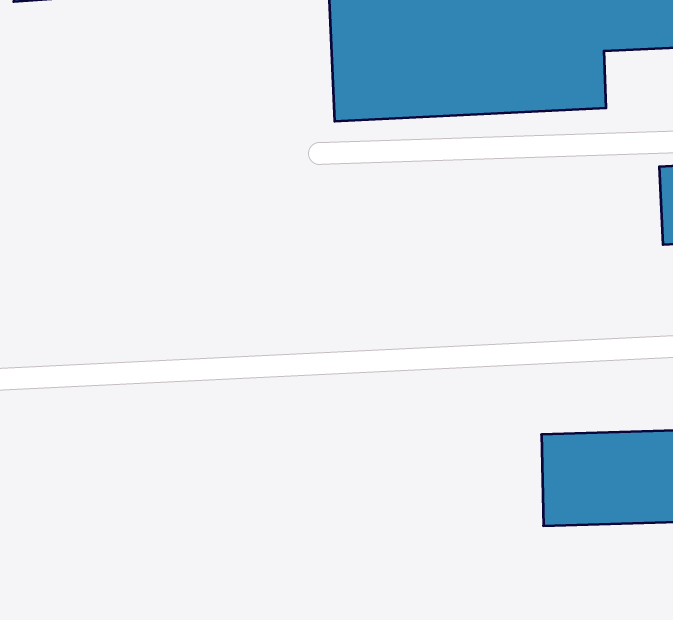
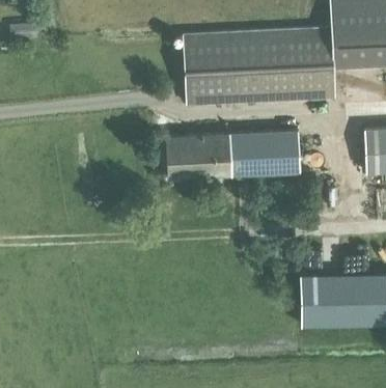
building: none -> [166,132,299,178]

